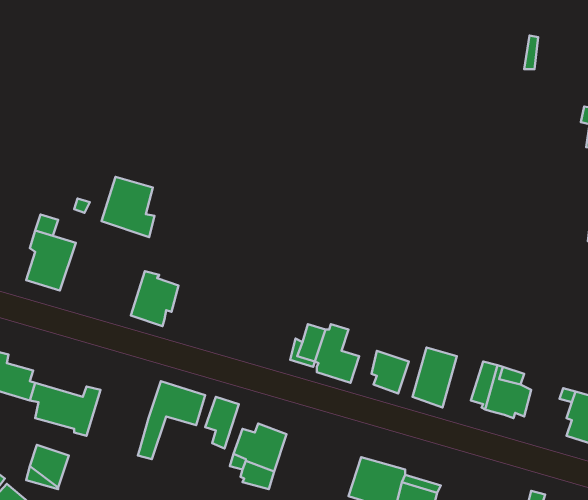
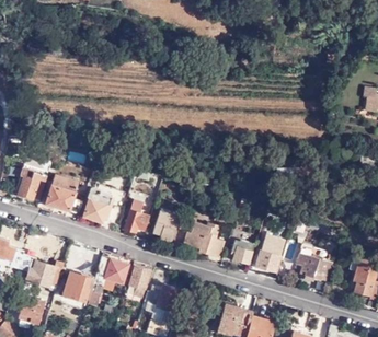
building: [101,177,155,237] -> [46,174,79,211]
building: none -> [123,198,148,233]
building: none -> [152,209,179,237]
building: none -> [62,271,93,300]

